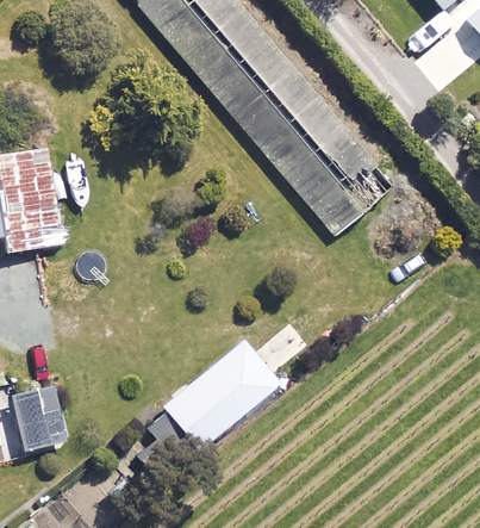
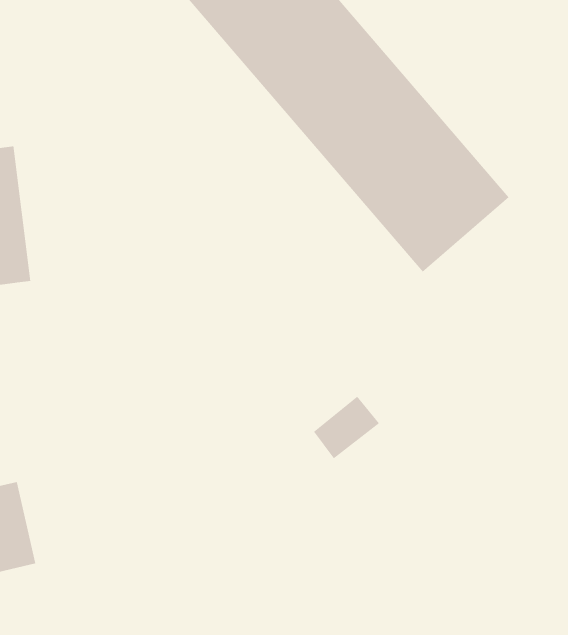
building: [142,340,279,466] -> none

